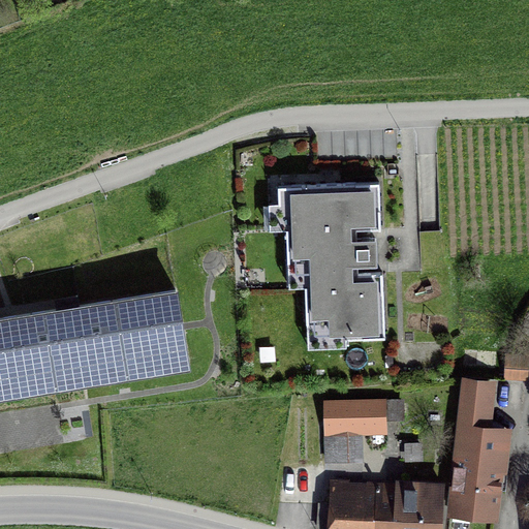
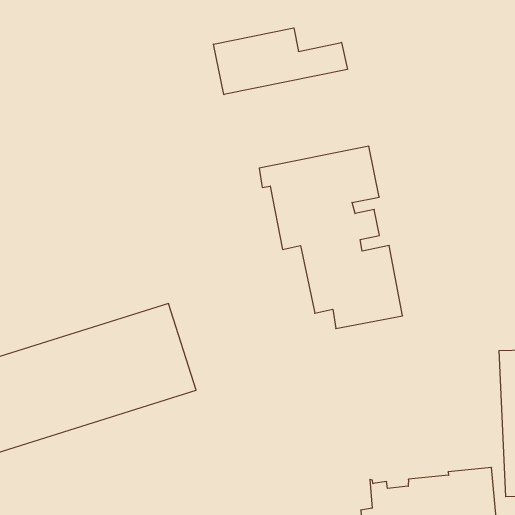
building: none -> [213,28,347,95]
building: [326,400,400,460] -> none

